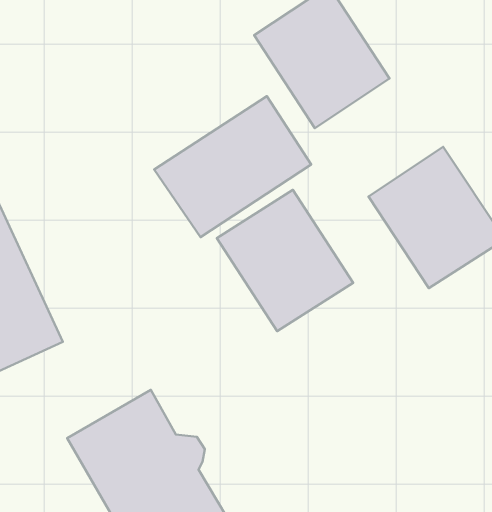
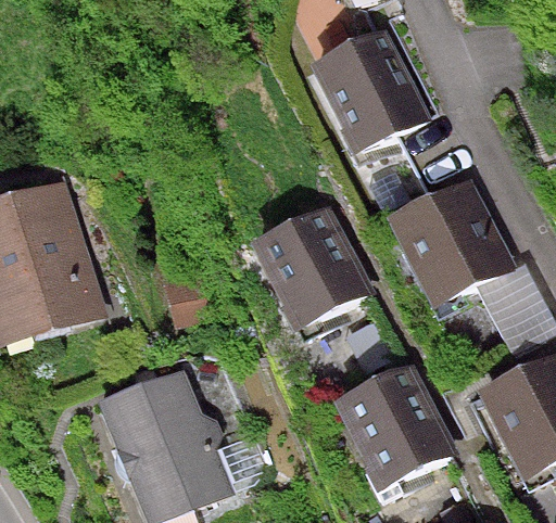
building: [154,96,311,237] -> none
building: none -> [336,368,452,492]

